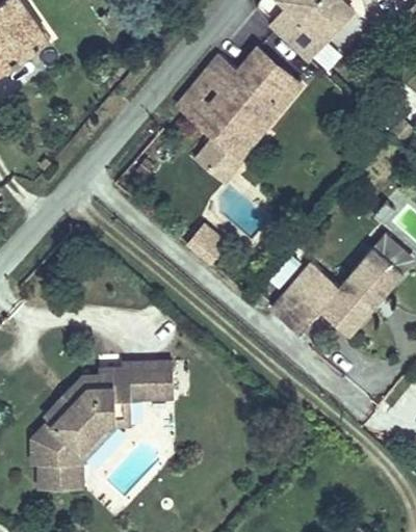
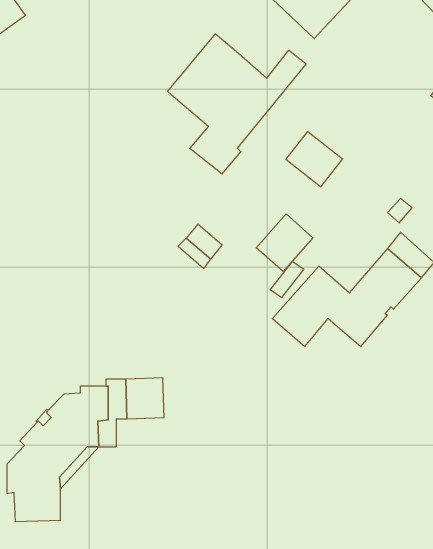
building: [238,48,285,96] -> none
building: none -> [286,131,343,187]
building: none -> [256,214,313,272]

